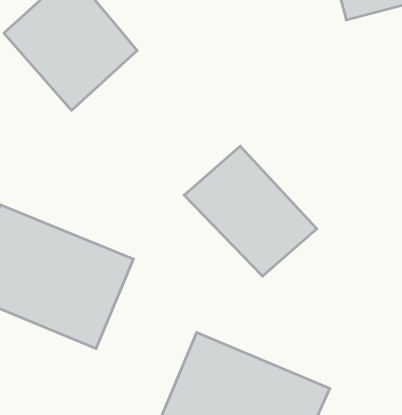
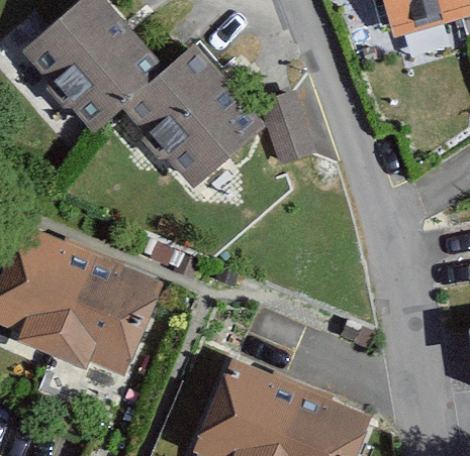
building: none -> [124,34,275,186]
building: [184,146,317,276] -> none

